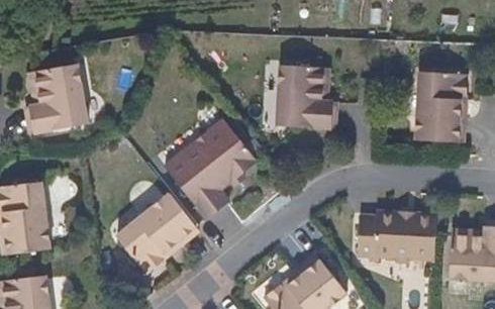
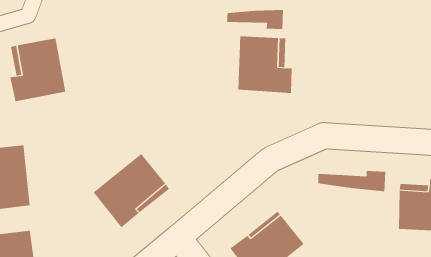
building: none -> [226,9,284,30]
building: [415,72,467,140] -> none
building: [163,118,254,217] -> none
building: [361,225,437,261] -> none

